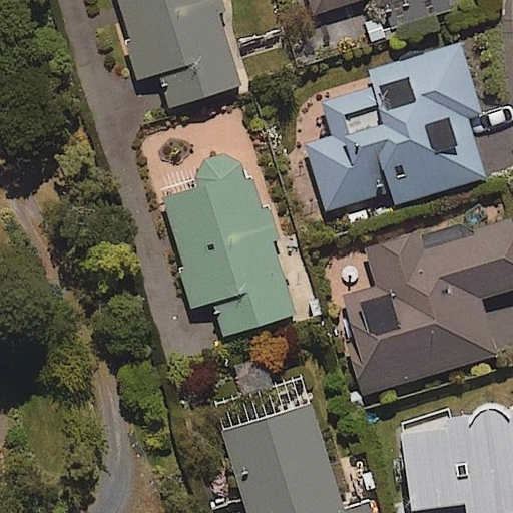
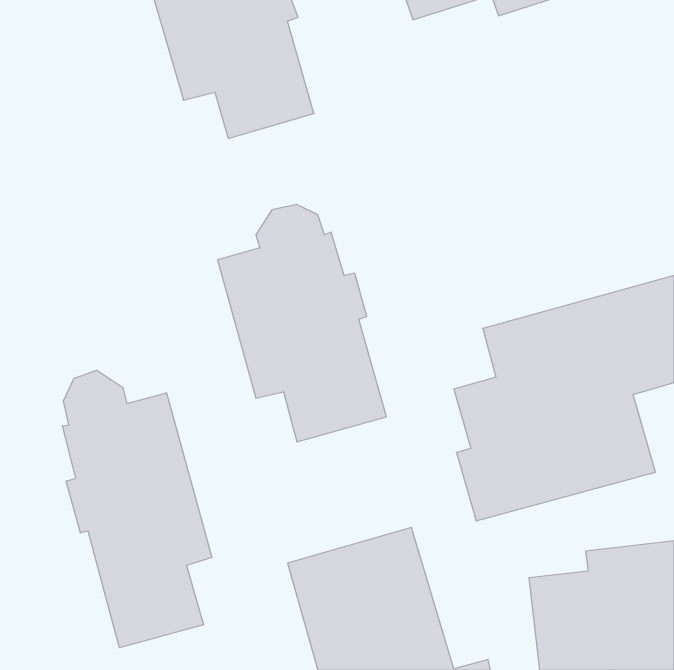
building: [307,42,489,213] -> none
building: none -> [62,370,212,648]

